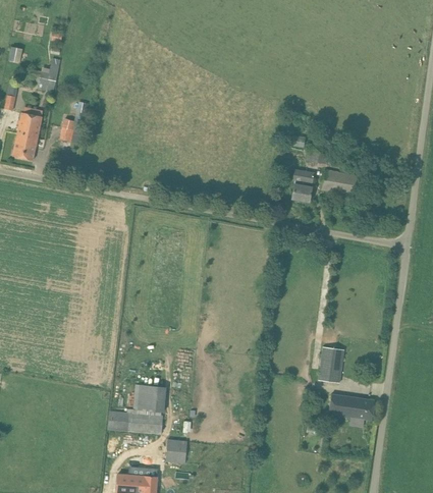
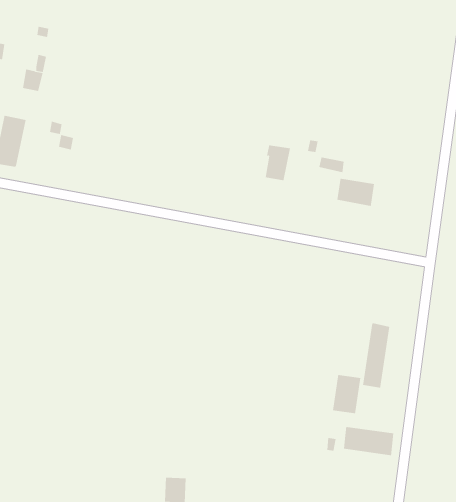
building: [291,170,315,203] -> [265,145,291,181]
building: none -> [362,322,390,389]
building: [107,384,166,435] -> none

